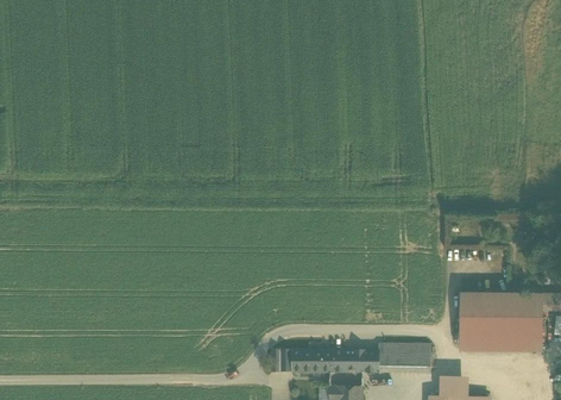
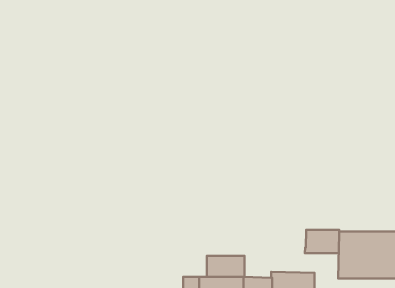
building: none -> [305,230,339,253]
building: none -> [207,256,245,277]

